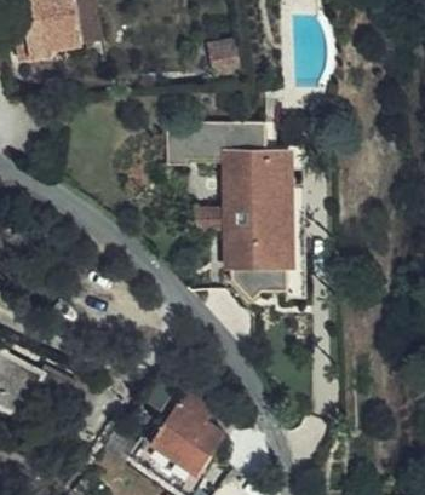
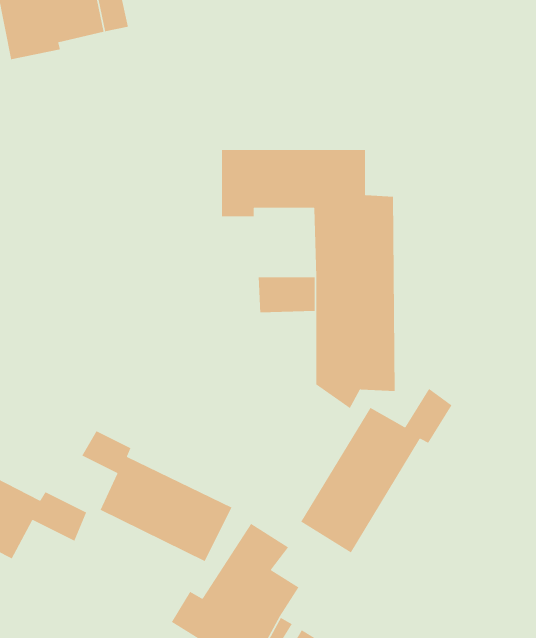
building: none -> [300,388,452,554]
building: none -> [81,430,232,562]

